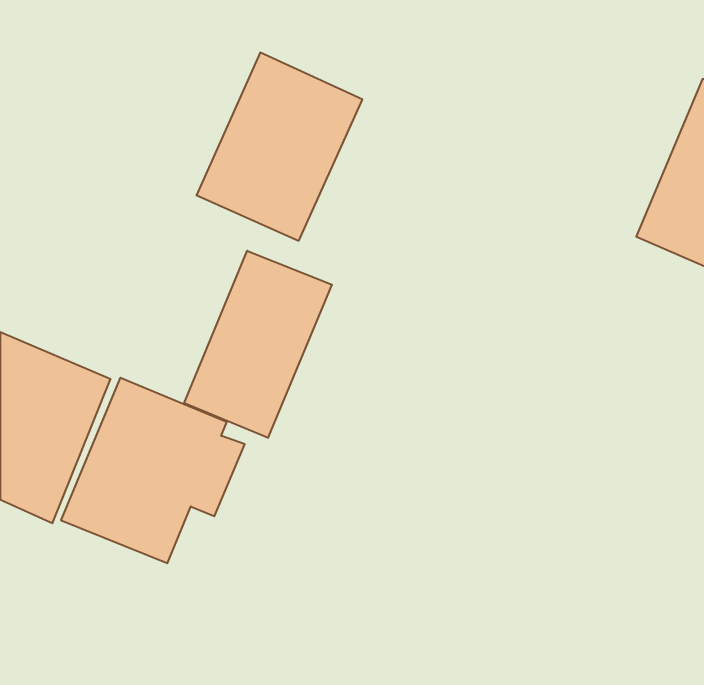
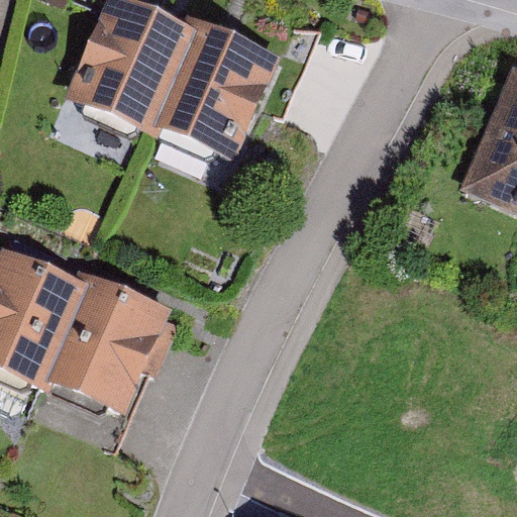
building: none -> [57,11,188,151]
building: [184,251,332,438] -> none

